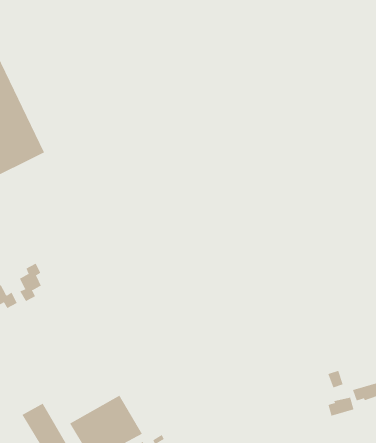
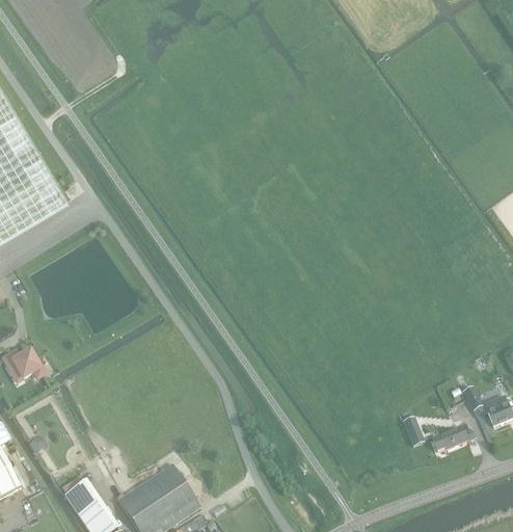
building: [19,263,42,302] -> none
building: [328,397,354,417] -> none

